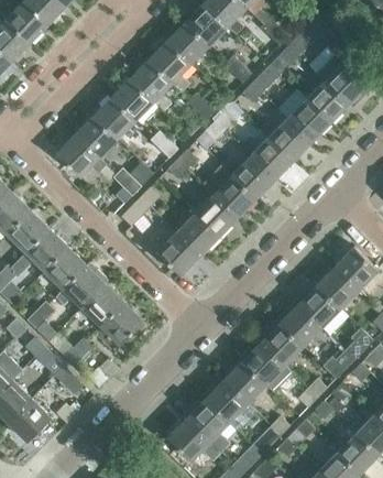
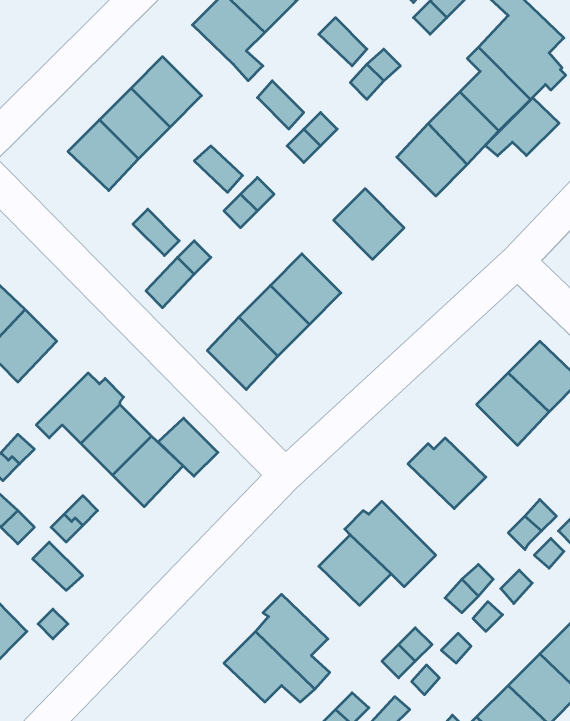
building: [131,59,173,111] -> none
building: none -> [485,98,559,156]
building: [56,134,107,176] -> none
building: [251,138,293,180] -> none
building: [214,175,255,218] -> none
building: [45,247,87,289] -> none
building: [298,284,341,327] -> none
building: none -> [158,418,218,476]
building: [261,319,304,366] -> none
building: [201,380,248,423] -> none

